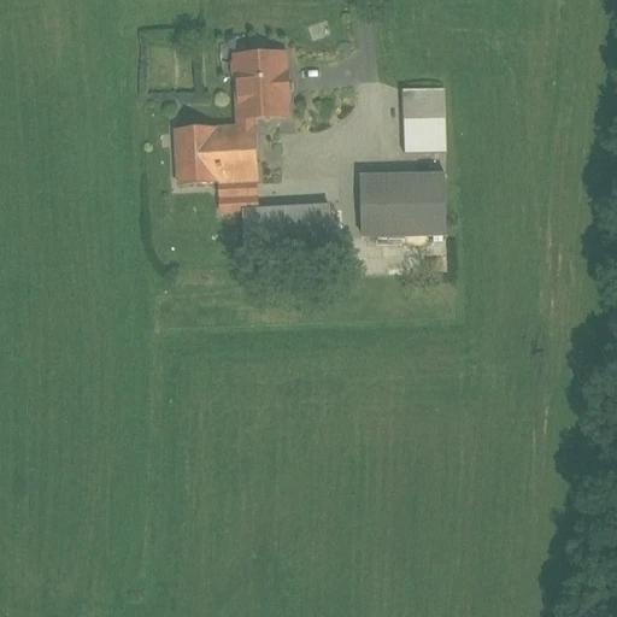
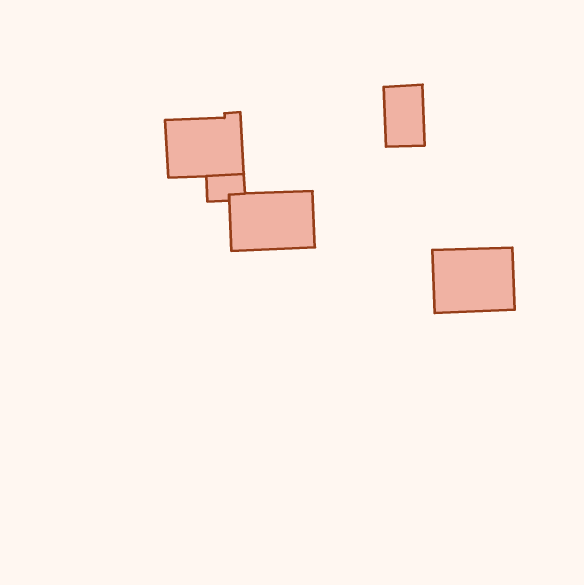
building: [233,51,289,119] -> none
building: [360,168,447,236] -> [432,248,515,313]

